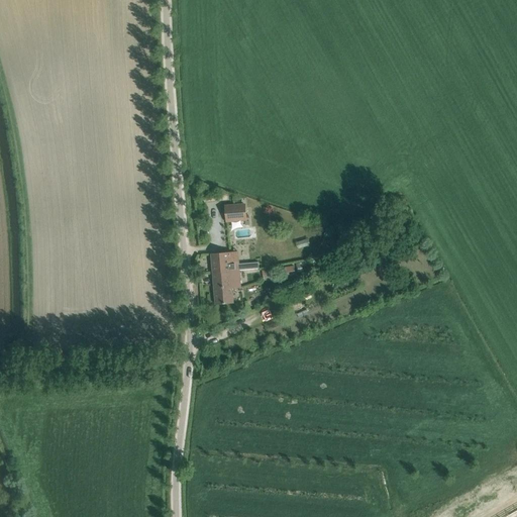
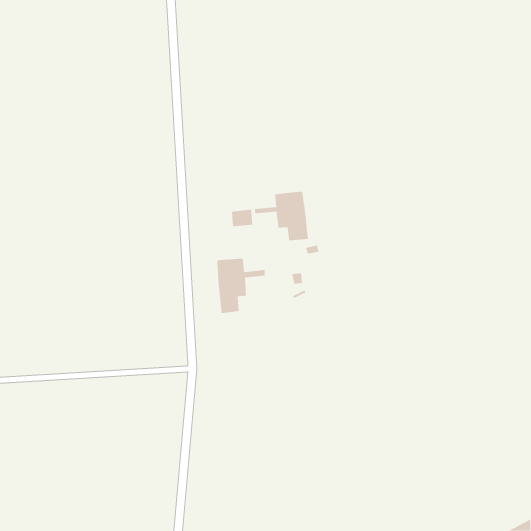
building: none -> [254,191,308,241]

